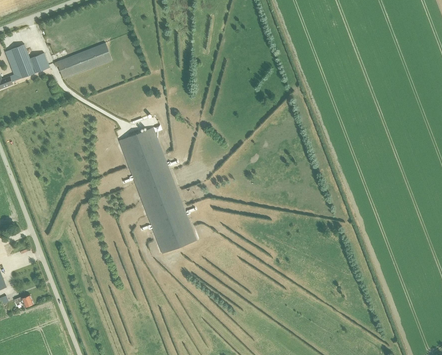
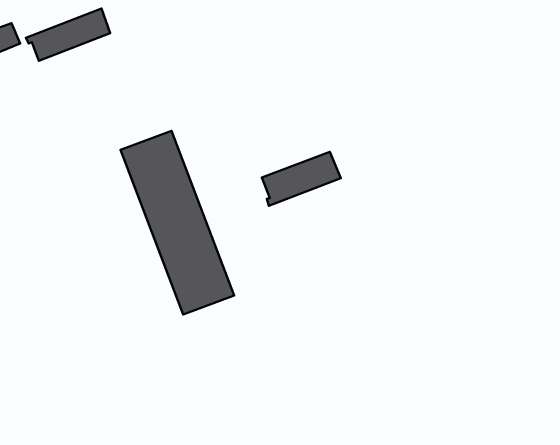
building: none -> [262,152,341,206]

